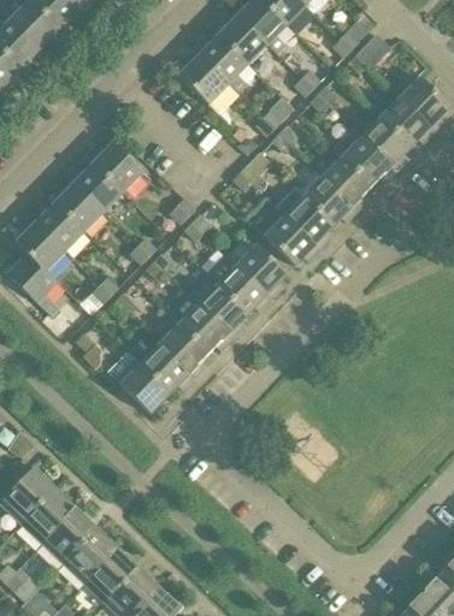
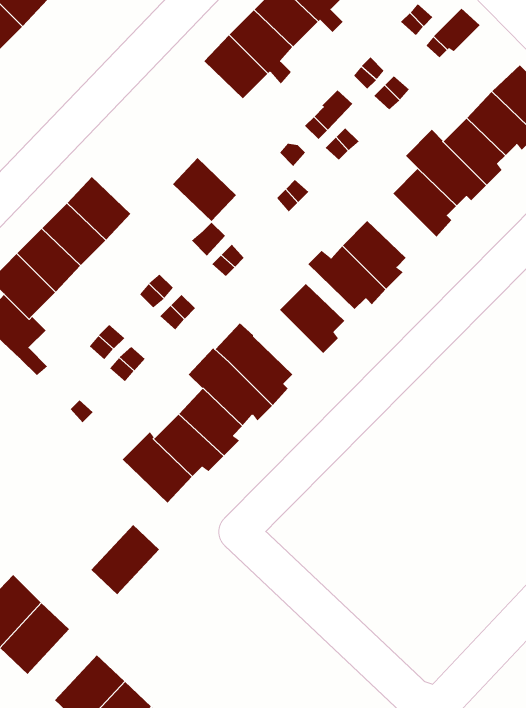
building: [94,141,143,190] -> [172,157,237,222]
building: [305,174,358,224] -> none
building: [207,254,271,313] -> none
building: [45,508,98,562] -> [91,524,160,595]

